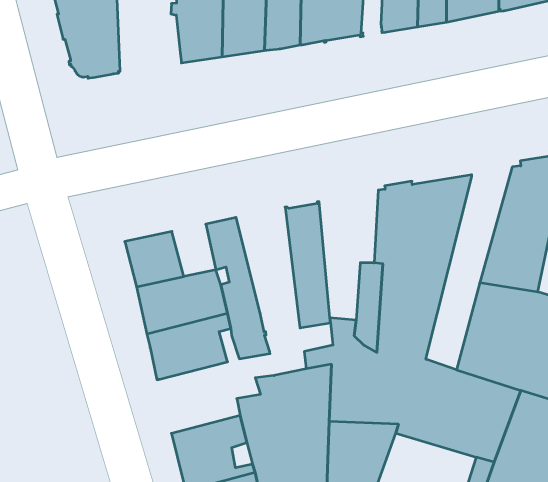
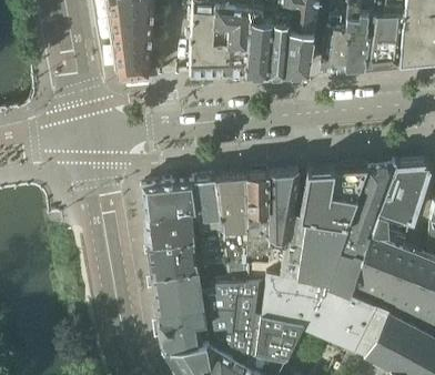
building: none -> [327,166,396,293]
building: none -> [269,173,300,254]
building: none -> [215,176,250,284]
building: none -> [173,182,199,214]
building: none -> [154,272,204,314]

